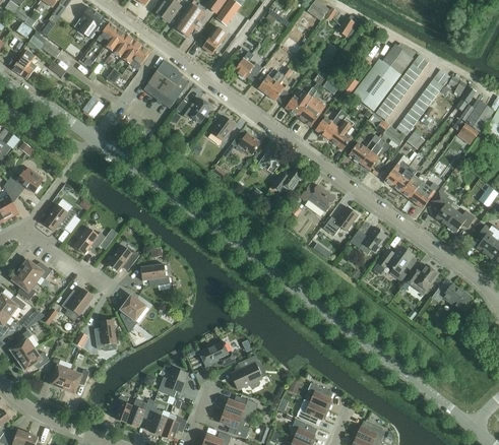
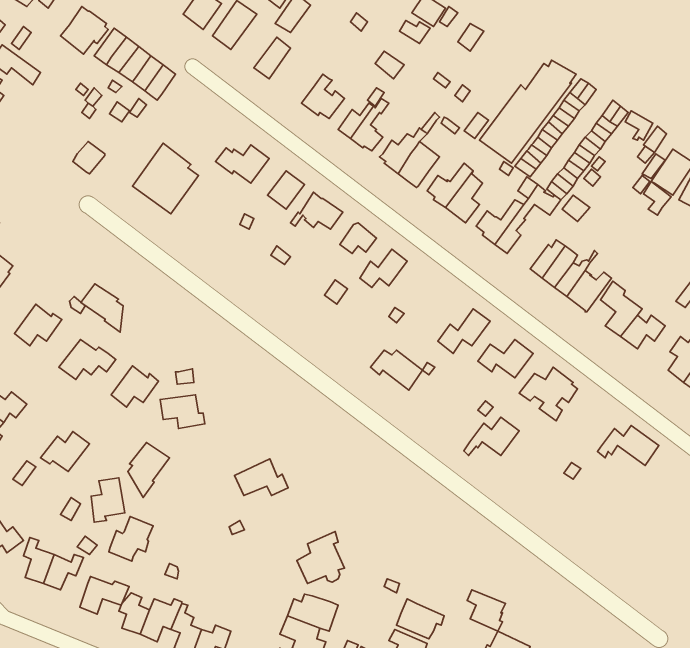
building: [143,60,187,107] -> [132,143,198,214]
building: [301,185,335,211] -> [370,350,423,390]
building: none -> [81,284,123,332]
building: [402,264,439,290] -> [464,417,519,455]
building: [199,340,235,365] -> [235,459,288,496]
building: [159,367,188,396] -> [109,517,153,561]
building: [308,382,333,409] -> [467,590,505,631]
building: none -> [80,577,129,614]

